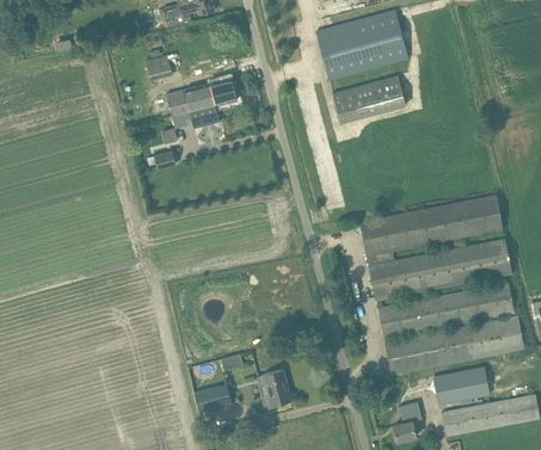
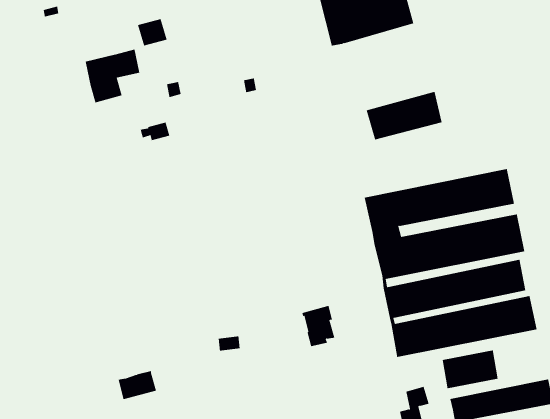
building: [332,75,405,122] -> [366,91,443,140]
building: [184,76,236,128] -> [85,49,140,103]
building: [257,369,289,408] -> [301,305,335,347]
building: [195,383,232,411] -> [118,371,157,400]

